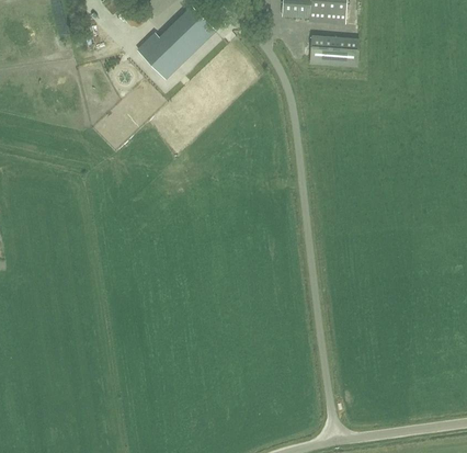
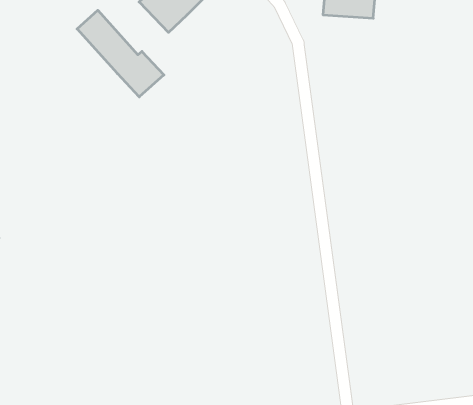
building: none -> [77,10,164,97]

